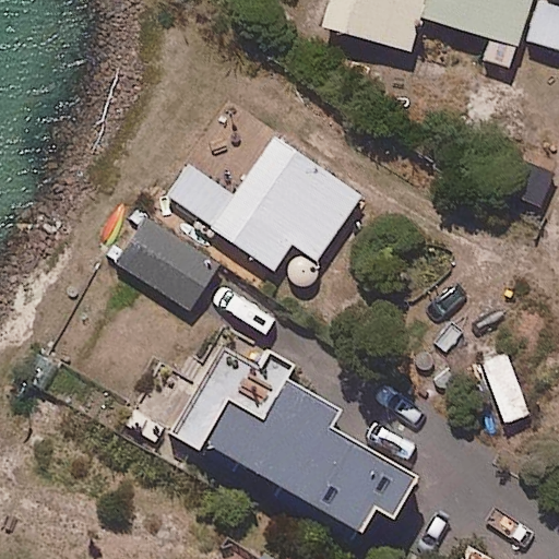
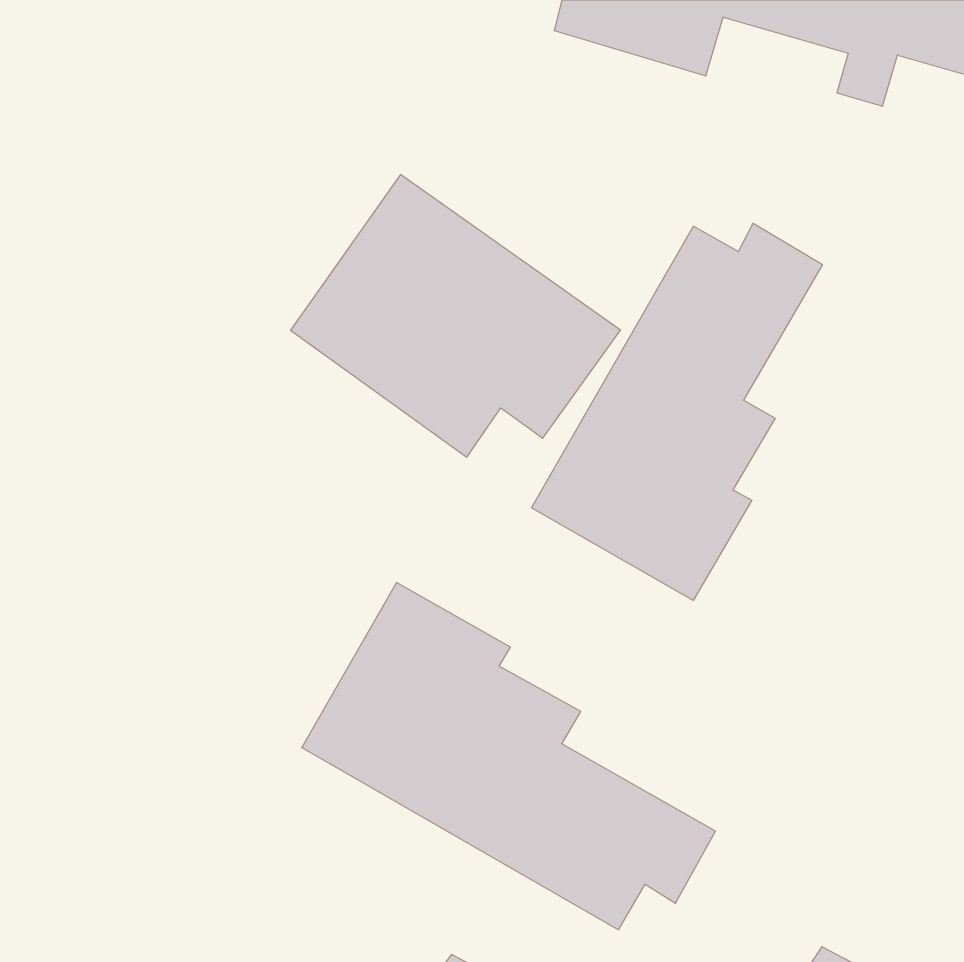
building: none -> [532,223,822,601]
building: [119,218,218,309] -> none

